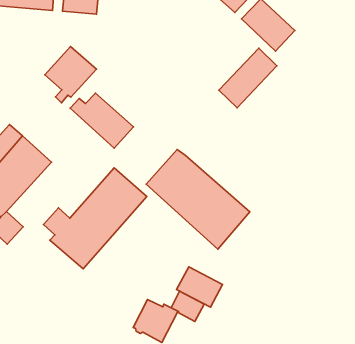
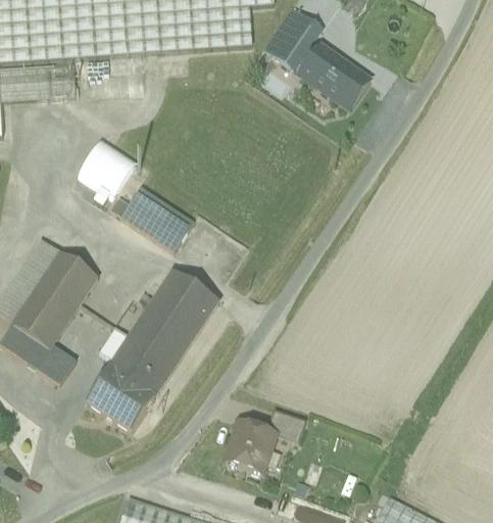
building: [219,48,277,108] -> none
building: [146,149,250,249] -> none
building: none -> [89,369,155,430]
building: [177,267,223,307] -> none

